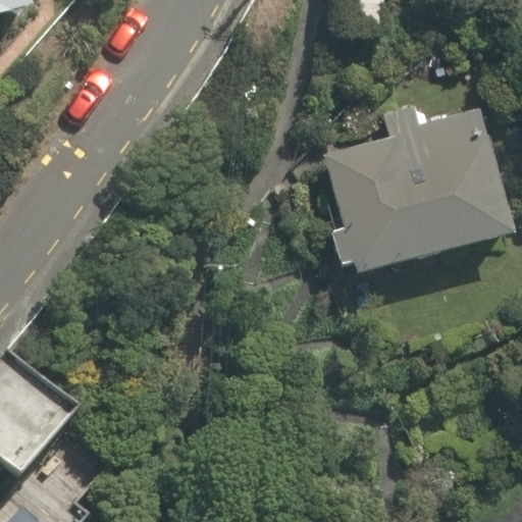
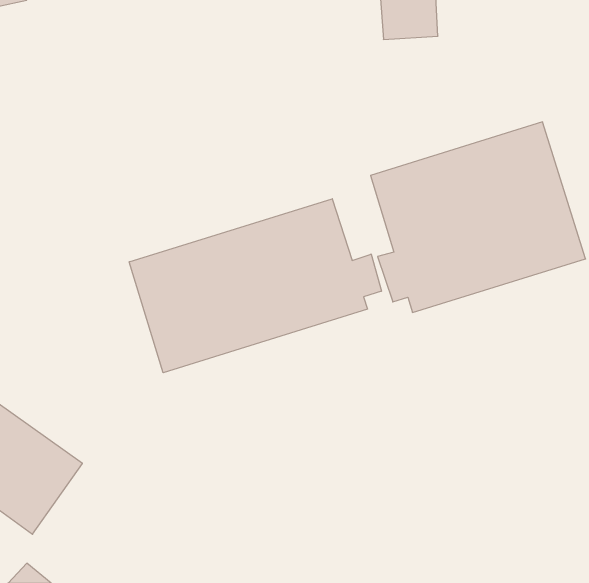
building: none -> [129,199,381,373]

